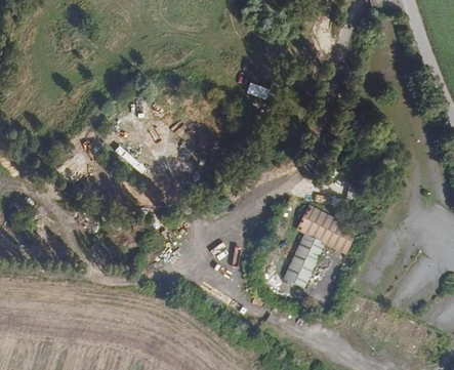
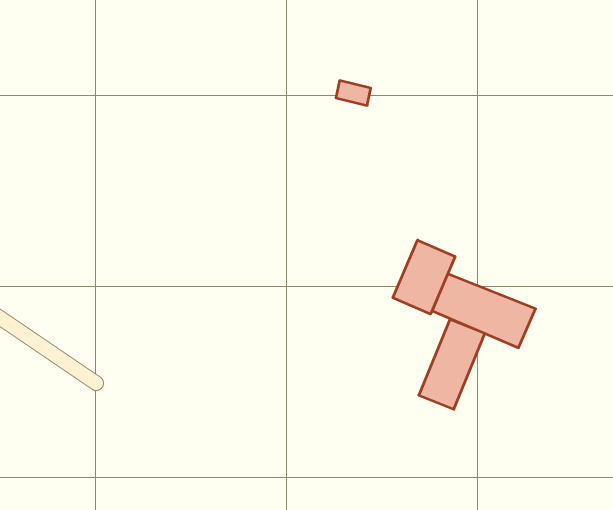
building: none -> [393,240,455,314]

